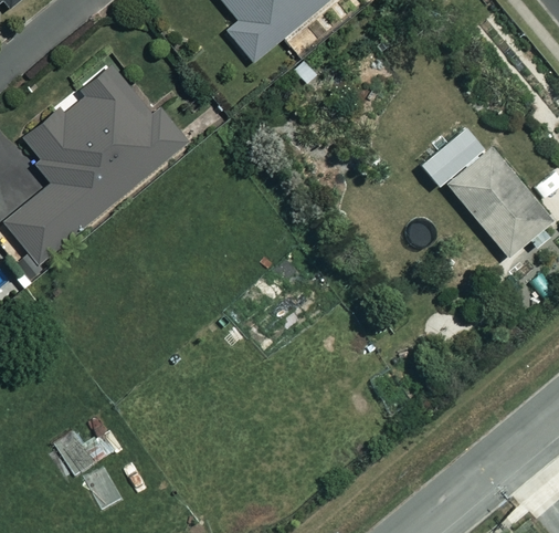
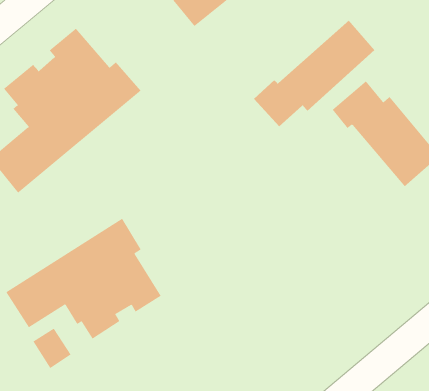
building: none -> [253,20,375,127]
building: none -> [6,218,161,340]

